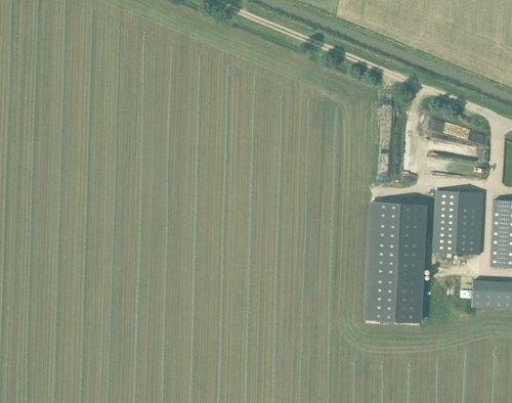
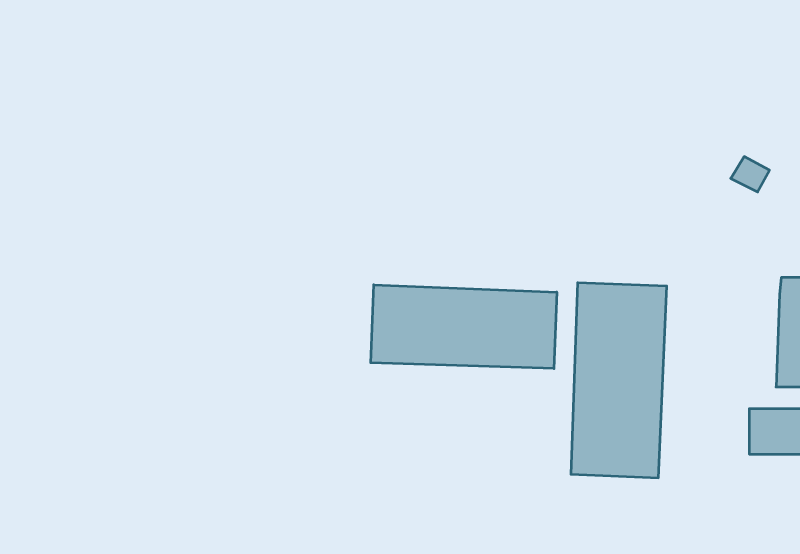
building: [434,191,483,255] -> none
building: none -> [371,285,557,369]

